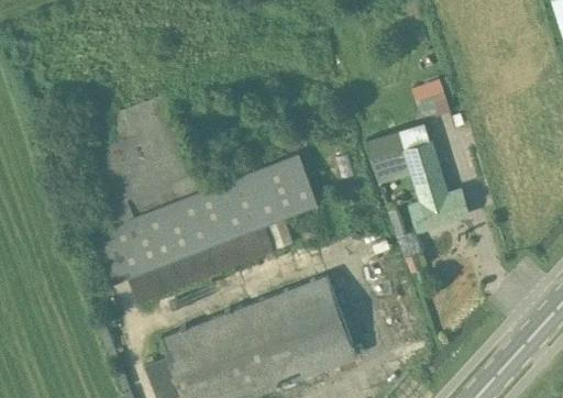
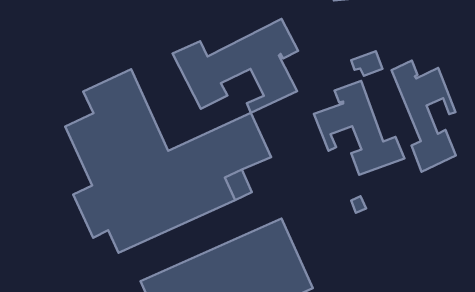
building: none -> [172,19,298,113]
building: none -> [392,60,456,172]

